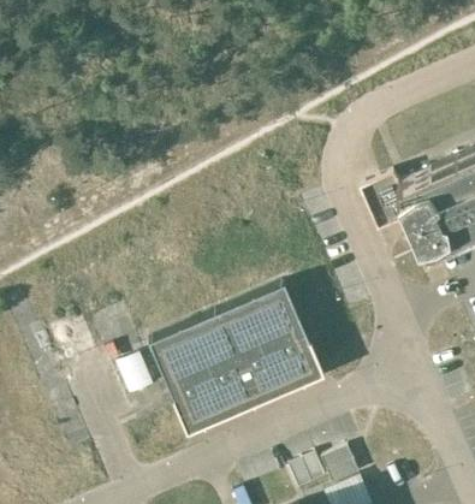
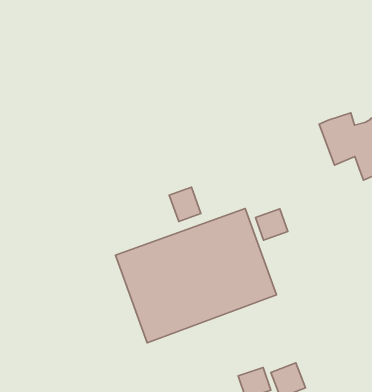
building: none -> [169,187,201,221]
building: none -> [255,209,288,240]

